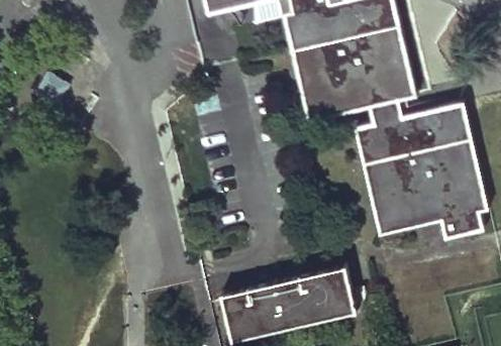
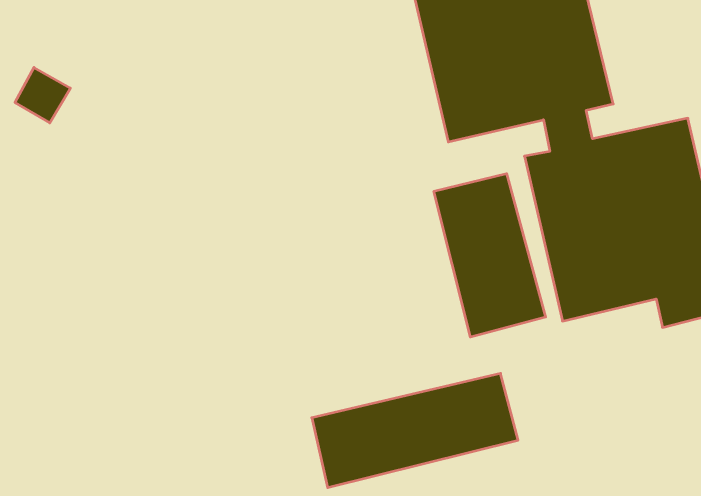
building: none -> [434,174,546,337]

